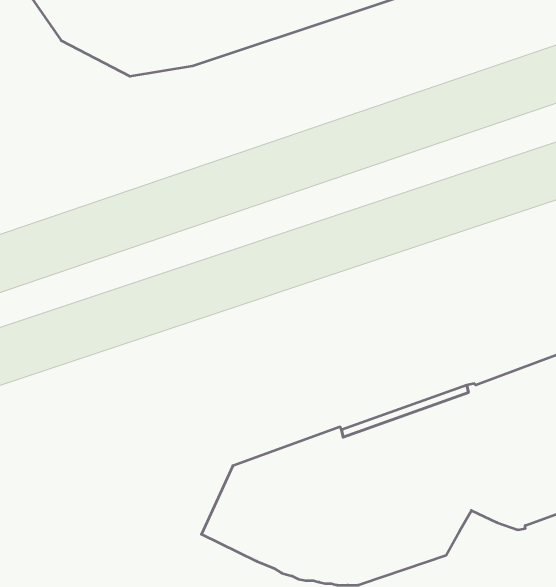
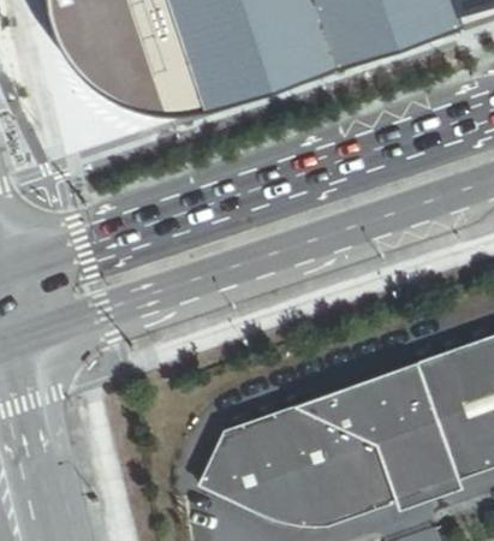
building: none -> [401,464,462,507]

